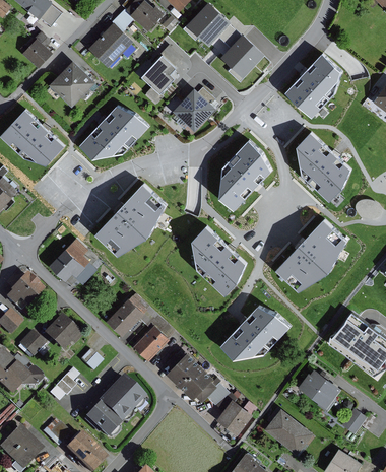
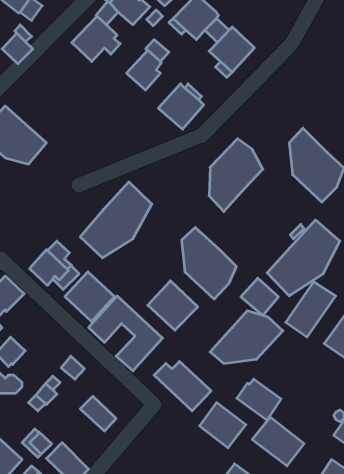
building: [286,52,343,116] -> none
building: [49,60,95,107] -> none
building: [79,105,149,158] -> none
building: none -> [65,272,114,321]
building: none -> [241,278,278,315]
building: none -> [148,281,198,330]
building: none -> [286,282,336,337]
building: [43,315,81,351] -> none
building: [298,369,340,409] -> [237,379,281,420]
building: [110,375,145,409] -> none
building: [82,402,119,437] -> none

